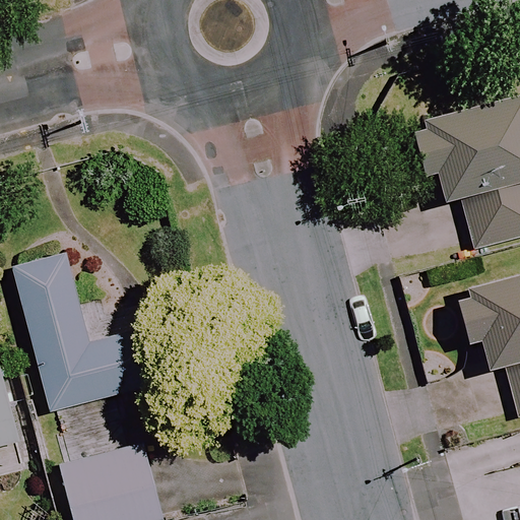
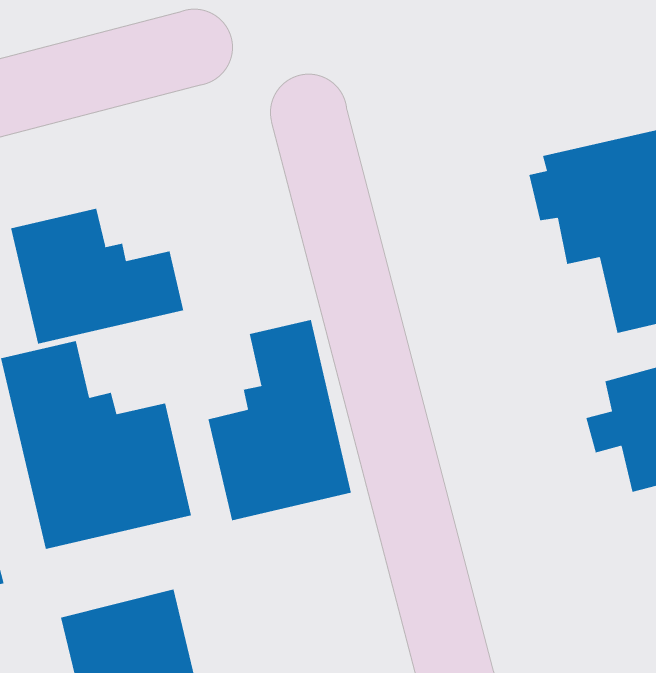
building: none -> [11,208,184,345]
building: none -> [208,319,351,521]

